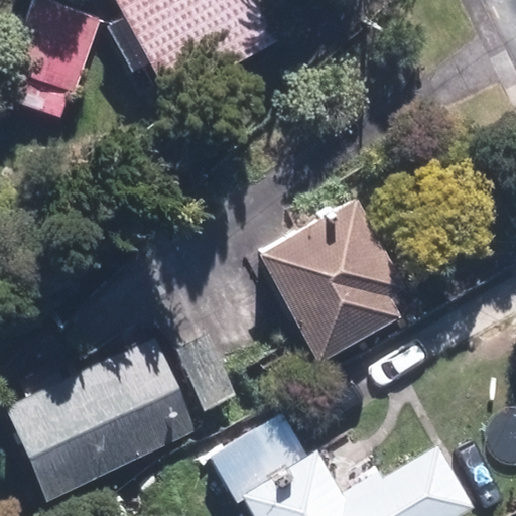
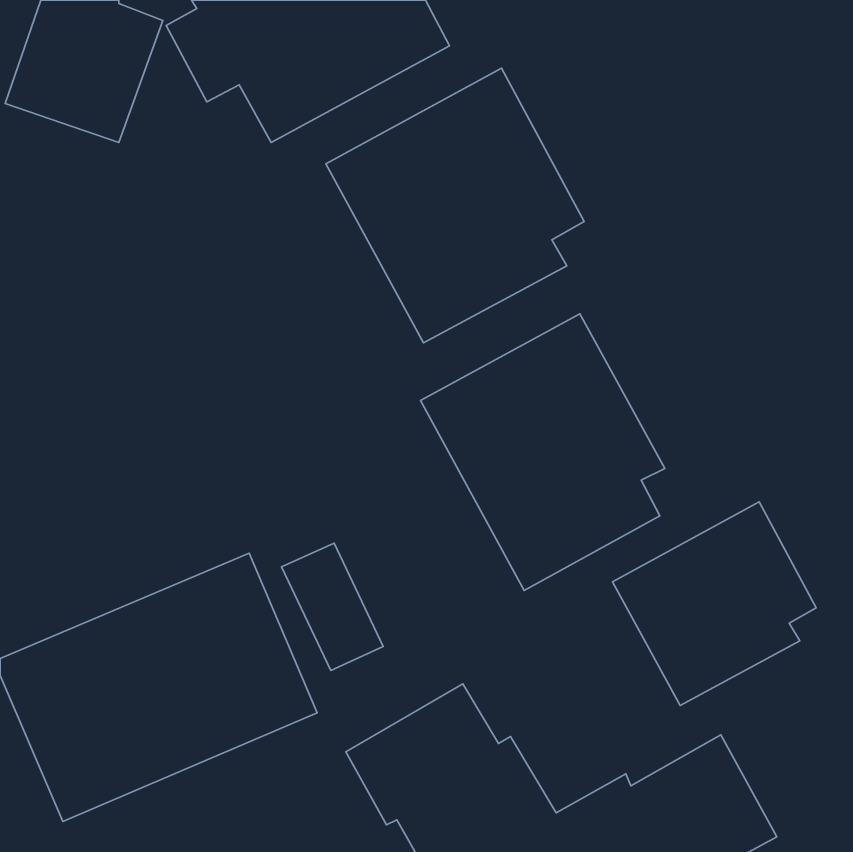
building: none -> [326,68,584,343]
building: none -> [612,502,816,706]

